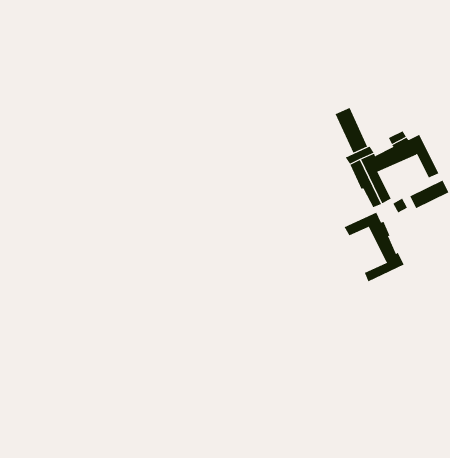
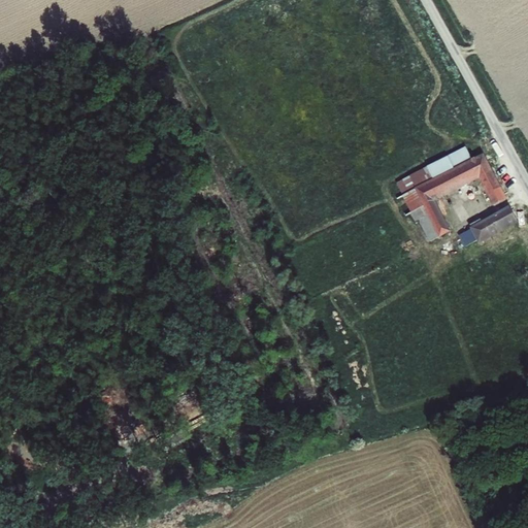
building: [335,107,368,153] -> none
building: [344,212,405,282] -> none

